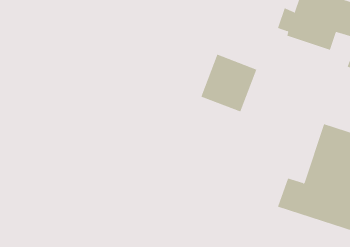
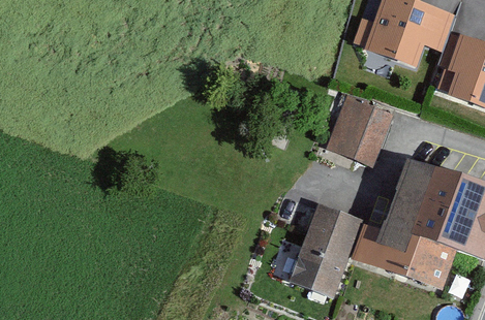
building: [201,54,257,112] -> [324,95,392,165]
building: none -> [287,204,362,299]

